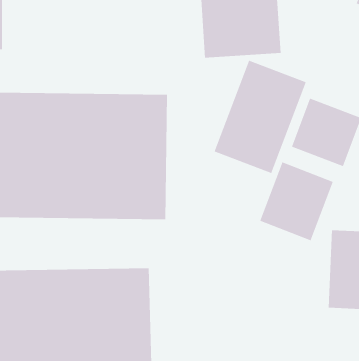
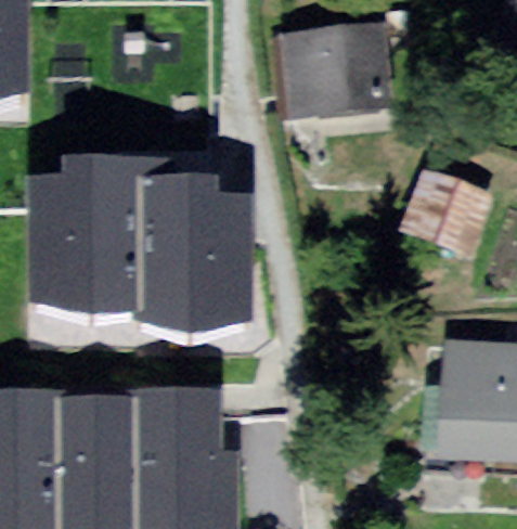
building: [214,60,307,174] -> none
building: [259,161,334,241] -> none

